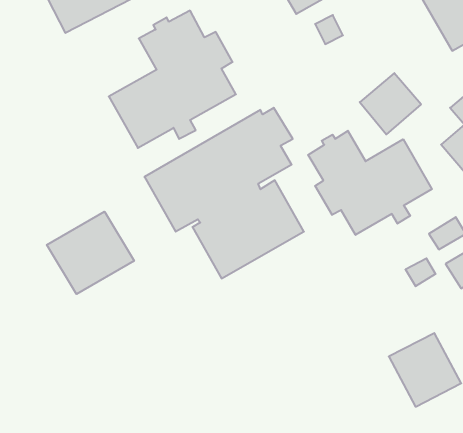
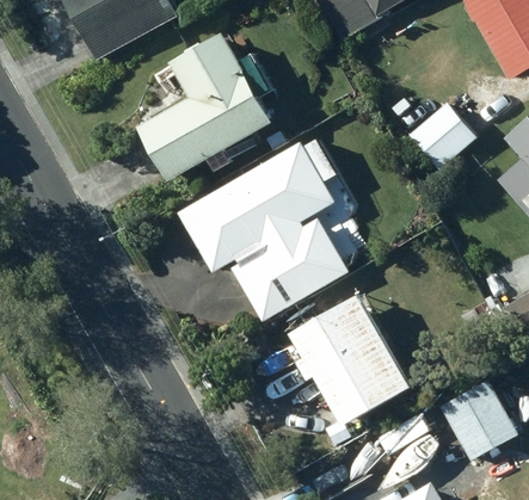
building: [308,131,432,235] -> none
building: [47,212,134,294] -> none
building: none -> [293,296,413,427]

